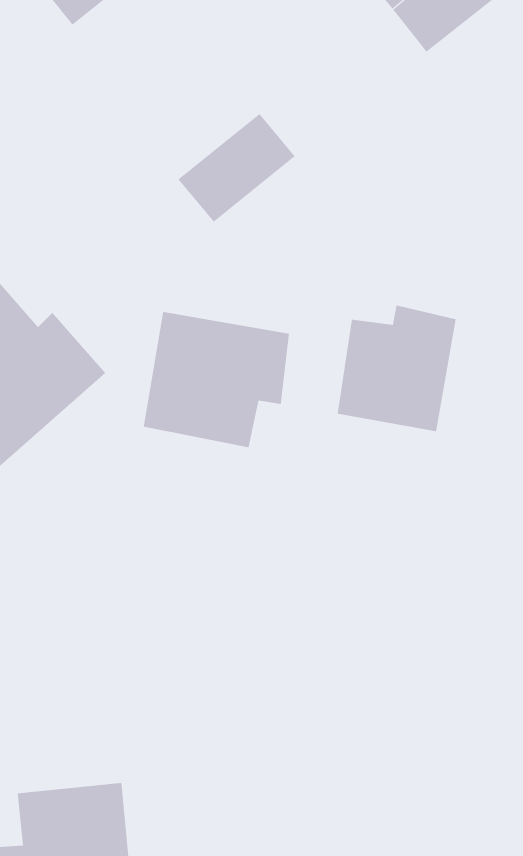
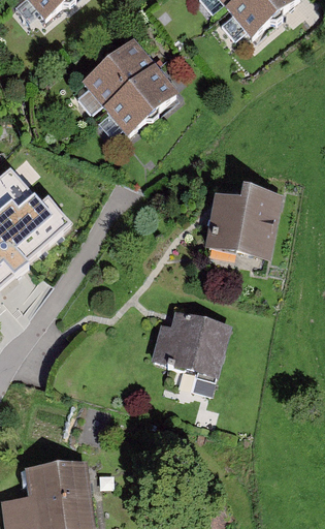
building: none -> [92,46,161,112]
building: [143,311,290,448] -> none
building: none -> [147,312,226,375]

